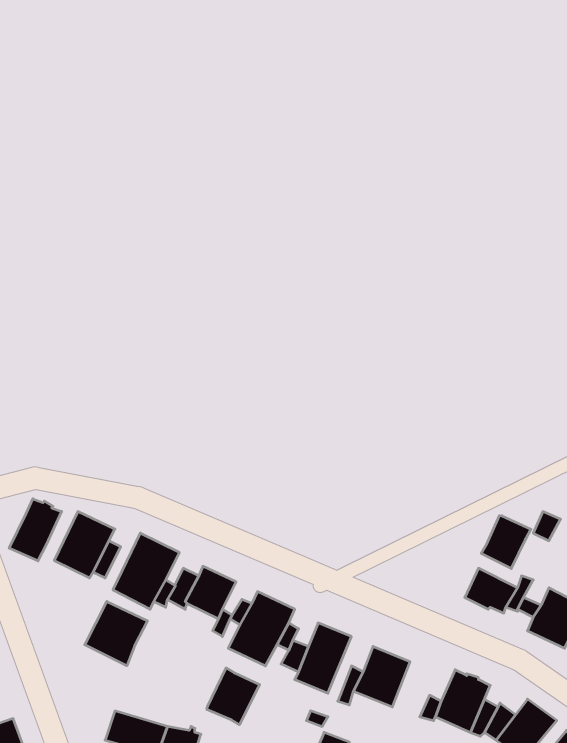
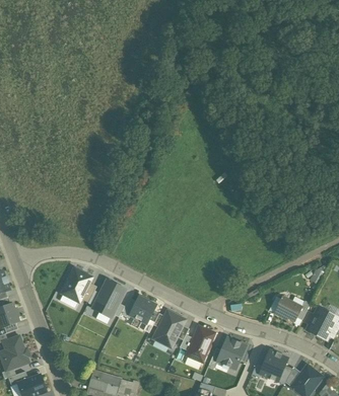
building: [9,499,62,561] -> none
building: [481,516,531,569] -> none
building: [85,601,147,666] -> none
building: [207,668,260,725] -> none

